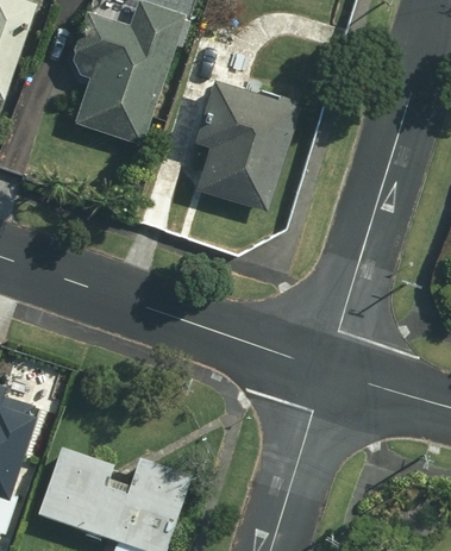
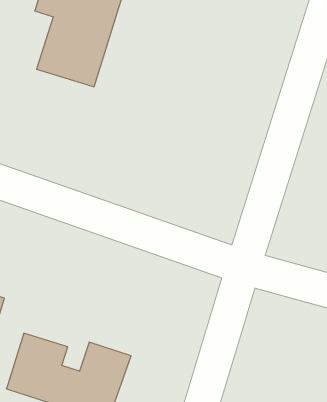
building: [192,80,297,212] -> none

